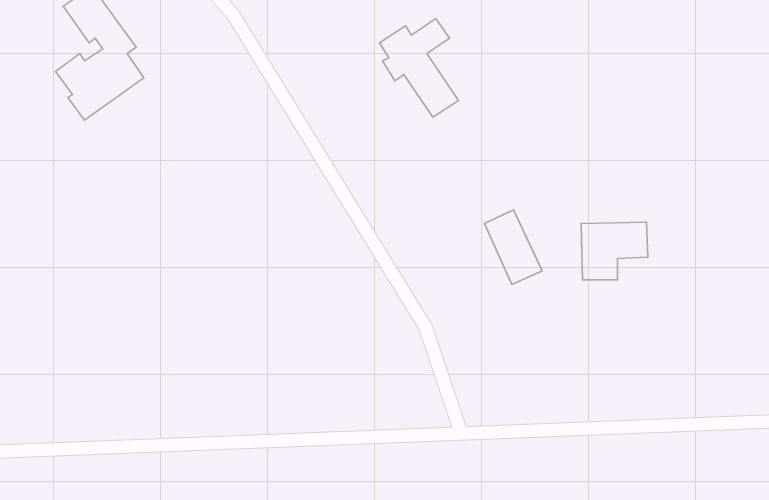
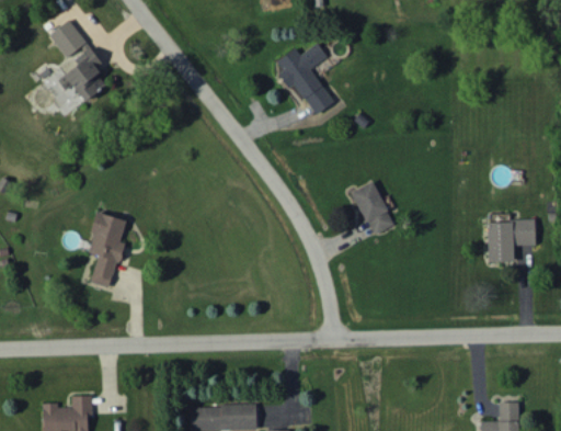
building: [581,222,648,280] -> [486,219,535,261]
building: none -> [87,212,125,287]

